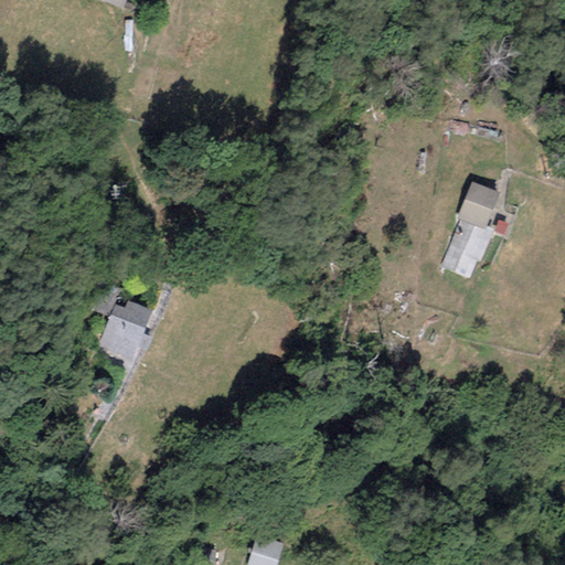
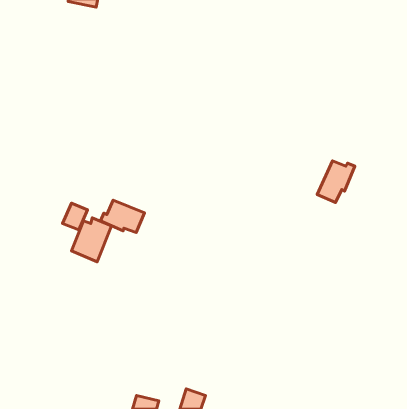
building: [455,182,495,228] -> none
building: none -> [101,200,145,232]

